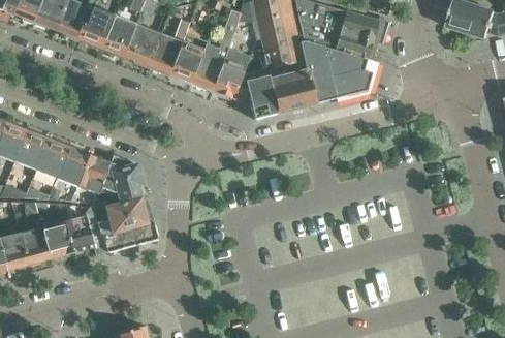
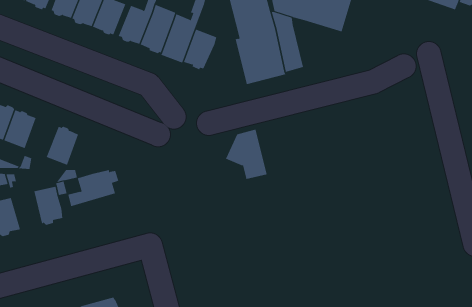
building: [323,47,376,98] -> none
building: [234,68,277,119] -> [225,129,267,180]
building: [56,147,89,186] -> none
building: [100,155,144,203] -> none
building: [42,220,72,258] -> none
building: [93,220,158,254] -> none

